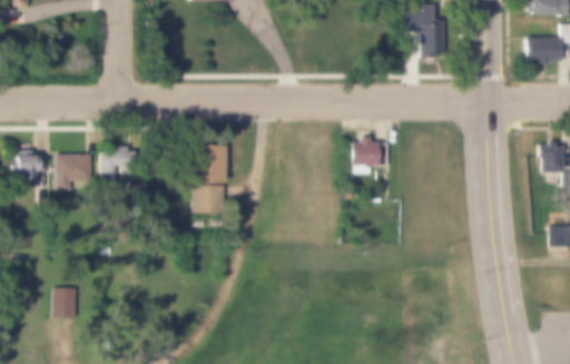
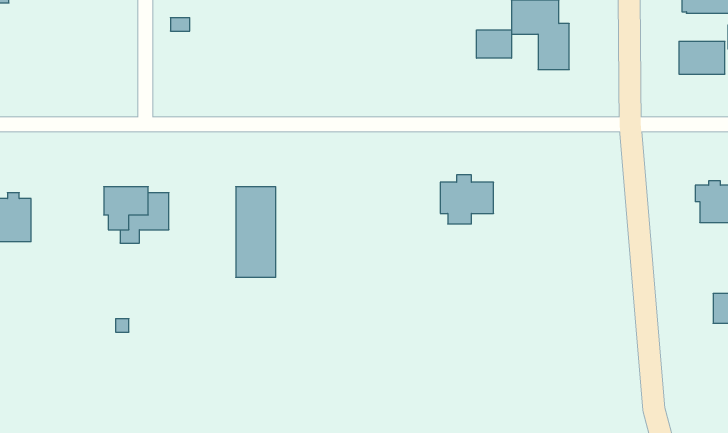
building: none -> [477,30,511,58]
building: [56,154,92,190] -> none
building: [56,288,77,316] -> none

